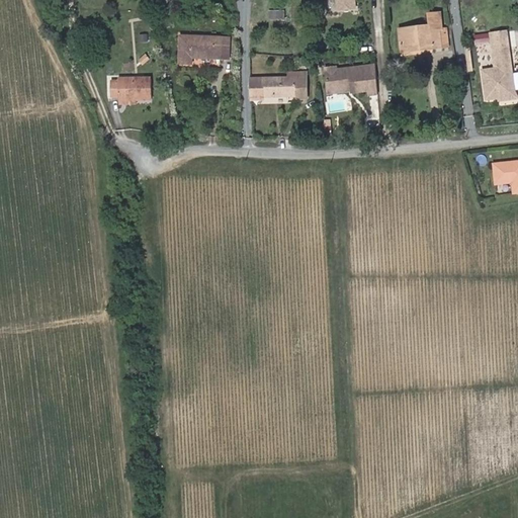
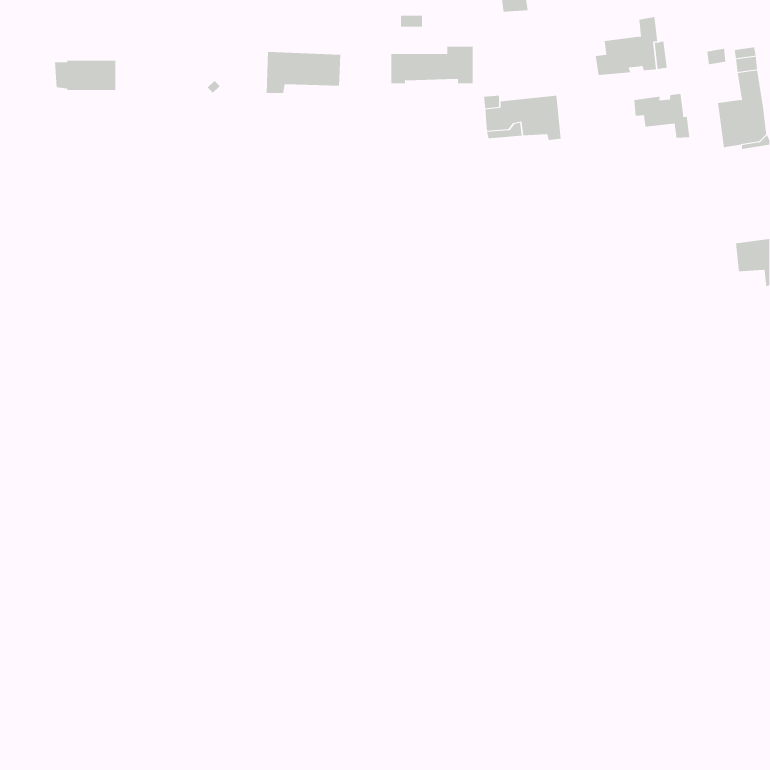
building: none -> [634,93,690,139]
building: [249,73,305,98] -> [391,46,474,84]
building: [109,78,151,98] -> [54,60,116,90]

